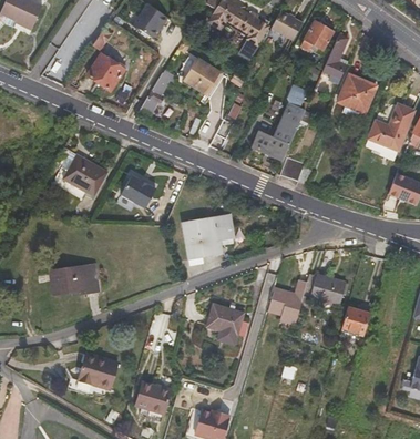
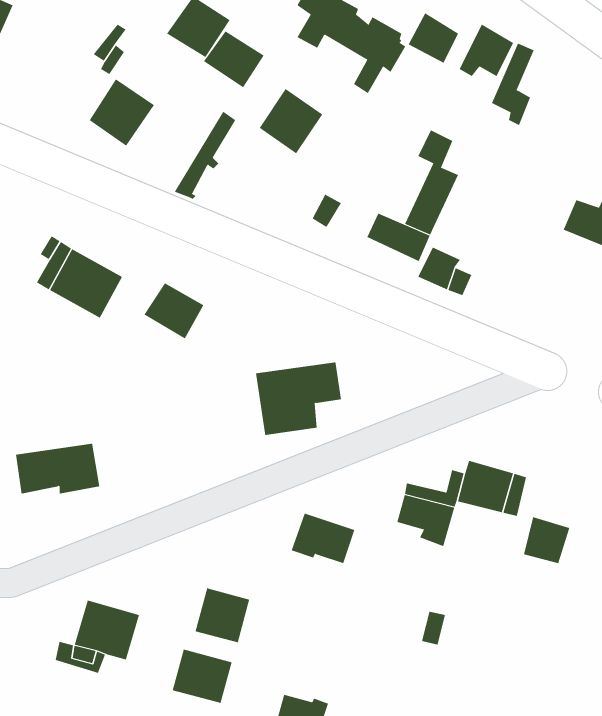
building: none -> [203,30,265,88]
building: [337,75,372,111] -> none
building: none -> [195,588,250,643]

